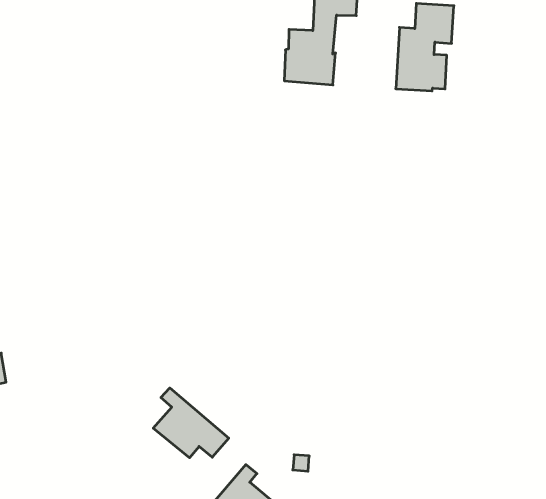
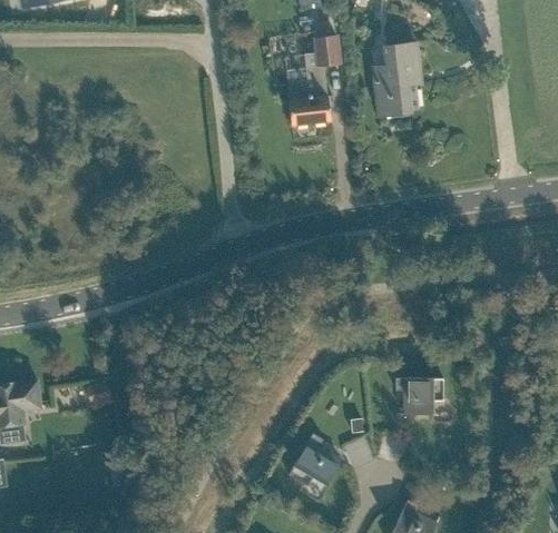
building: [153,388,229,458] -> none
building: none -> [395,378,443,415]

